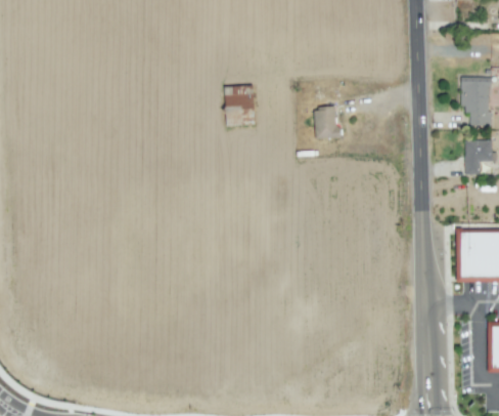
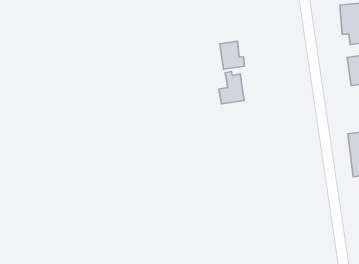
building: [227,85,255,125] -> none
building: none -> [219,72,244,104]

